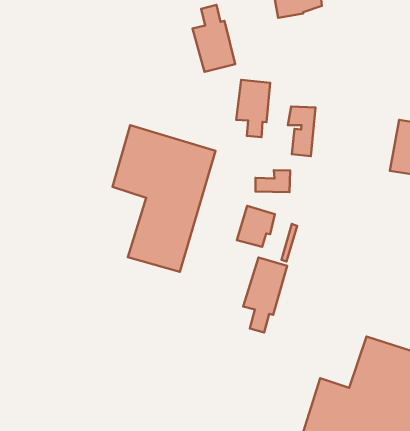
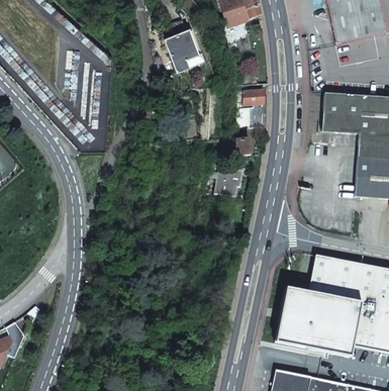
building: [236,80,270,137] -> none
building: [113,125,216,272] -> none
building: [243,258,287,333] -> none

